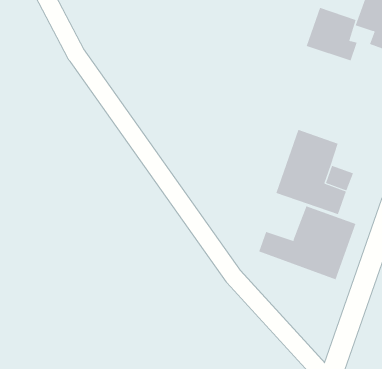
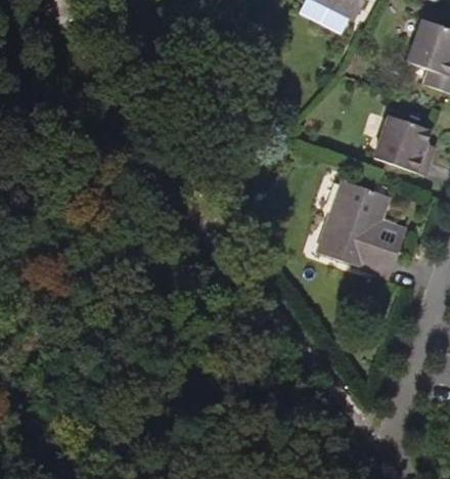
building: [306,7,357,61] -> [373,114,432,175]
building: [258,205,356,280] -> none

